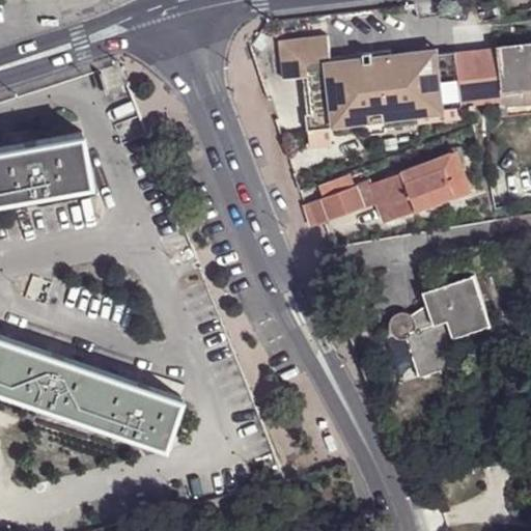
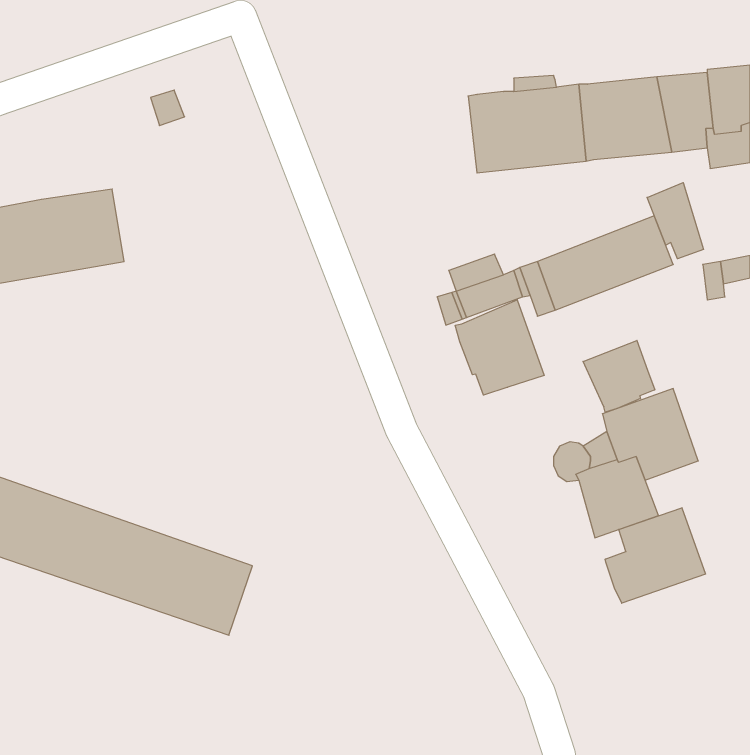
building: [277,36,419,135] -> none
building: none -> [647,183,703,259]
building: none -> [455,300,544,395]
building: none -> [583,340,655,412]
building: none -> [605,508,706,603]

